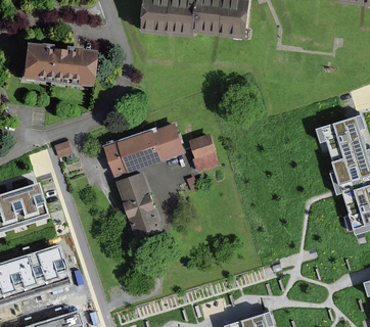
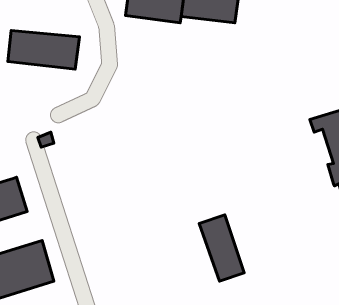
building: [105,125,183,174] -> none
building: [190,134,217,170] -> none
building: [118,173,160,236] -> [199,215,244,281]

